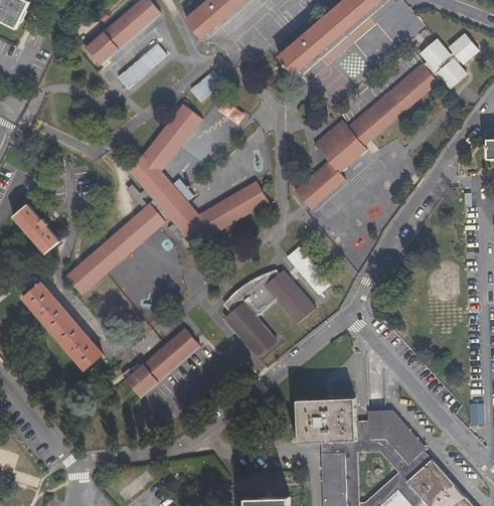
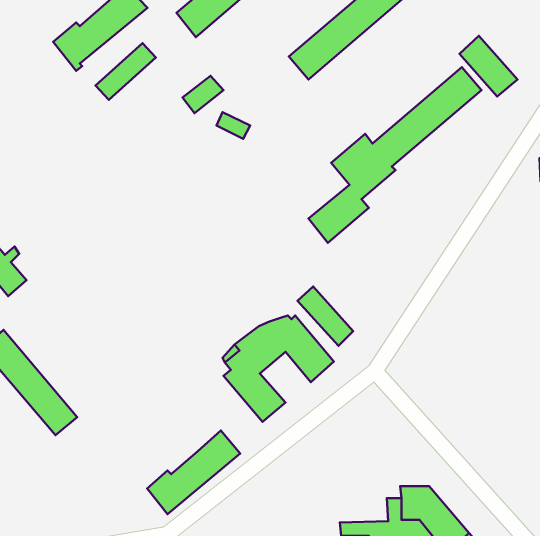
building: [448,31,480,64] -> none
building: [66,103,268,293] -> none
building: [122,327,199,396] -> [147,430,240,514]
building: [298,399,360,443] -> none

